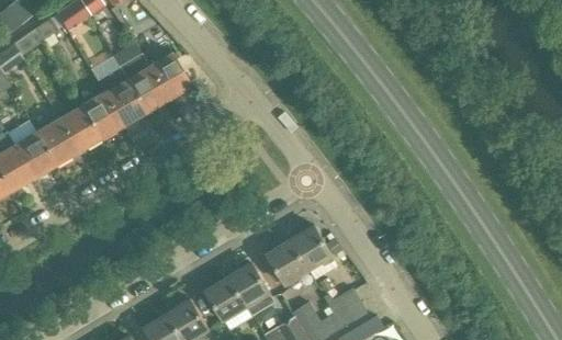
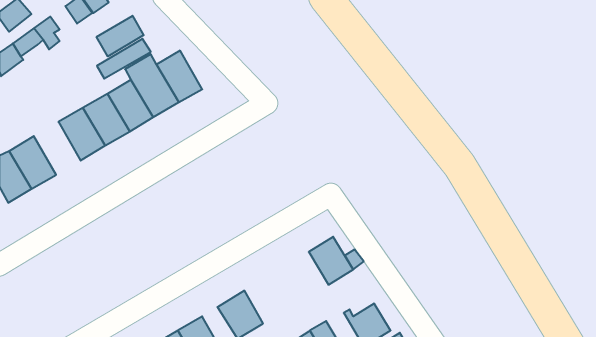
building: none -> [97,16,144,56]
building: [32,117,76,167] -> none
building: [266,239,308,284] -> none
building: [229,262,272,306] -> none

